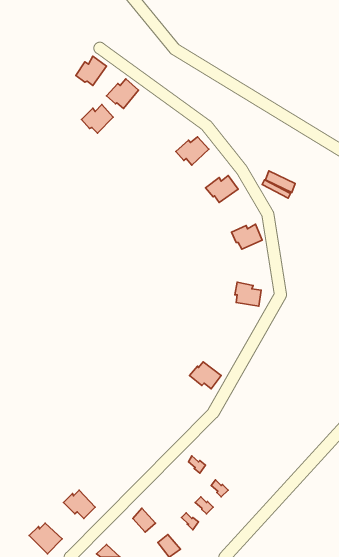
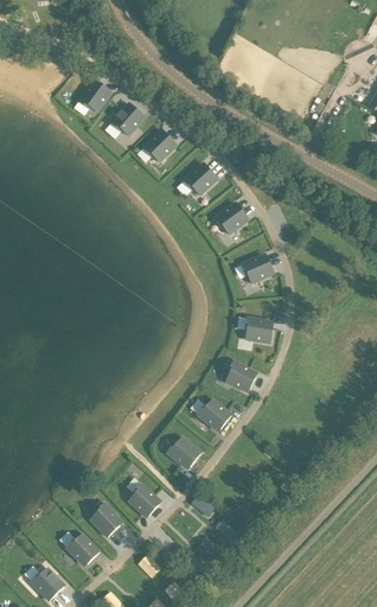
building: [81,105,113,133] -> [143,132,177,161]
building: none -> [226,360,256,391]
building: none -> [167,436,202,466]
building: none -> [129,484,159,517]
building: none -> [91,503,121,536]

